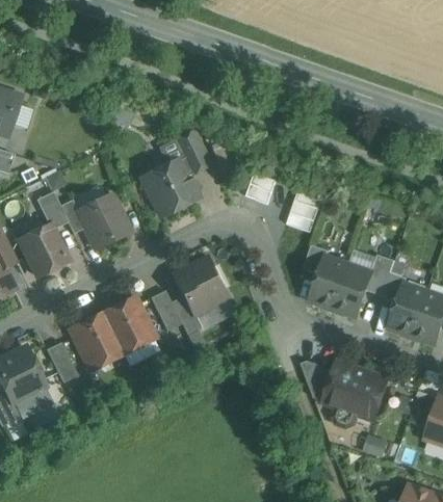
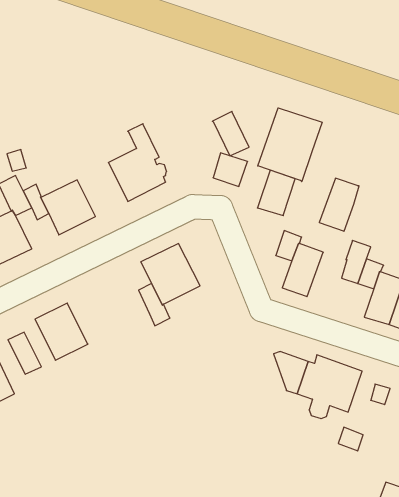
building: none -> [258,108,322,182]
building: [175,131,210,174] -> [212,111,249,156]
building: [334,265,372,316] -> [319,178,359,231]
building: [151,290,182,332] -> none
building: [103,298,153,353] -> none

